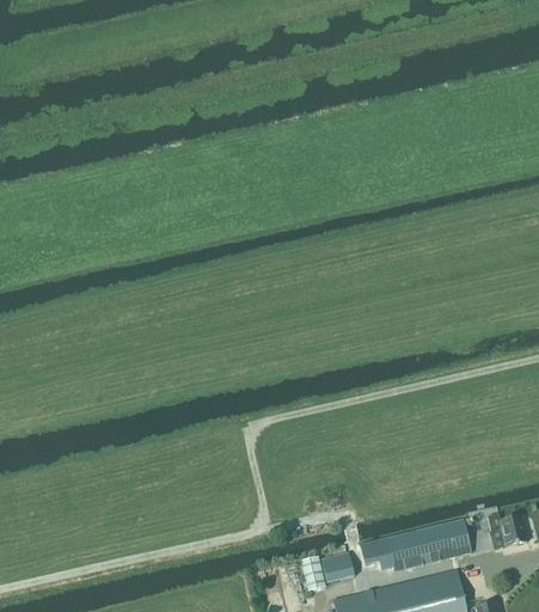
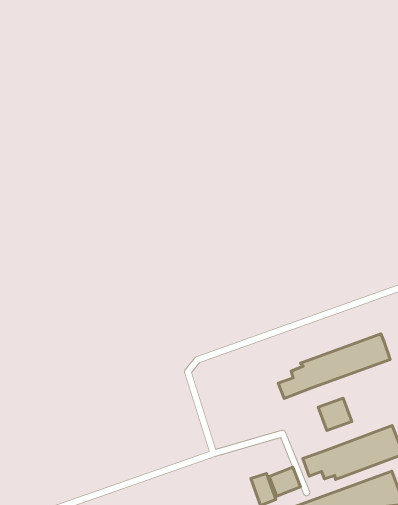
building: none -> [278,334,390,399]
building: none -> [318,398,352,431]

